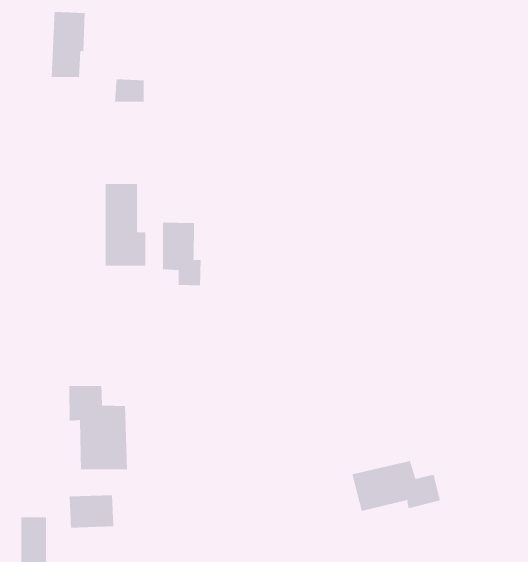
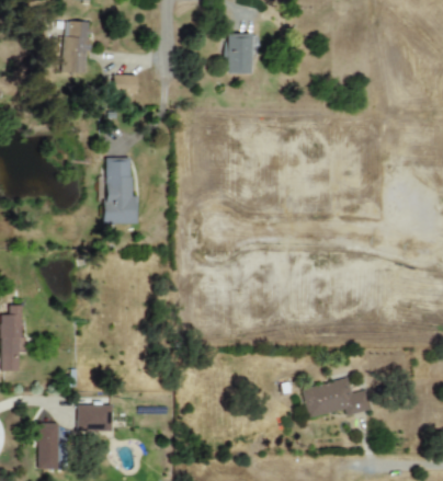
building: none -> [226,34,252,75]
building: [163,222,201,286] -> none
building: [69,385,128,470] -> none

